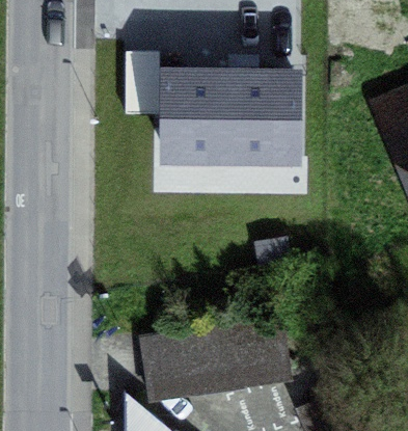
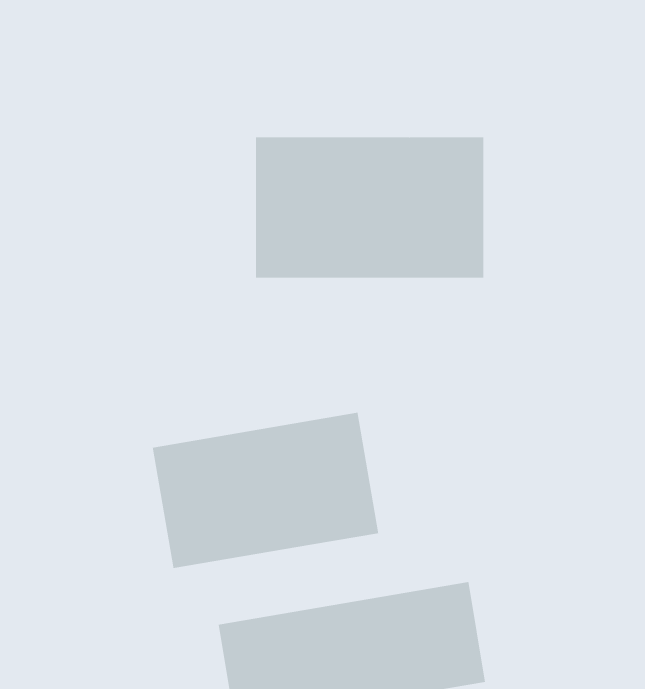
building: none -> [152,412,379,569]

